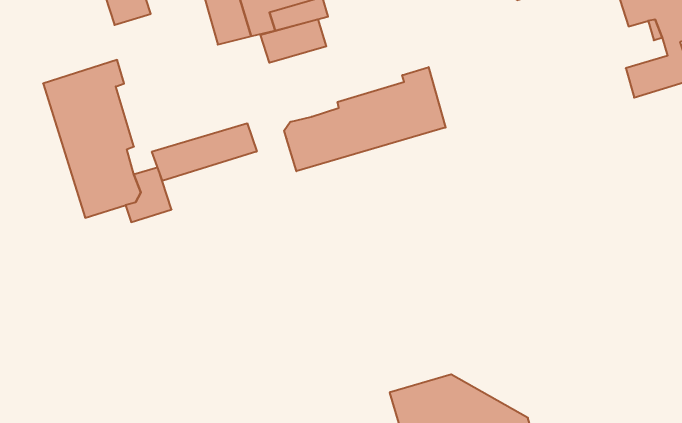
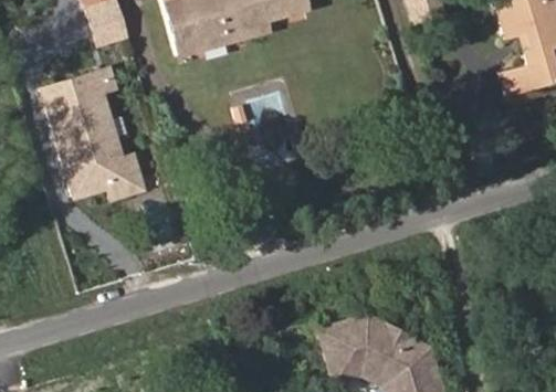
building: [260,19,326,63] -> none
building: [284,67,446,171] -> none
building: [152,123,257,181] -> none

